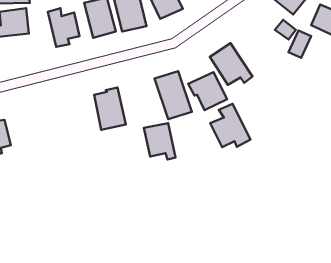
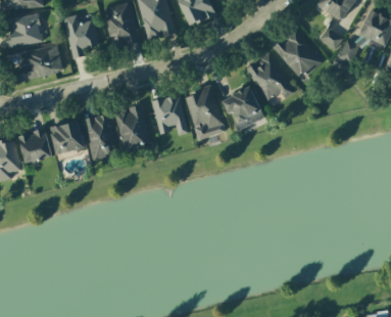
building: none -> [272,30,321,78]
building: none -> [17,44,62,80]
building: none -> [82,114,115,158]
building: none -> [49,120,84,153]
building: [210,104,250,147] -> none
building: none -> [17,128,51,163]
building: [144,123,175,159] -> [151,94,187,135]

